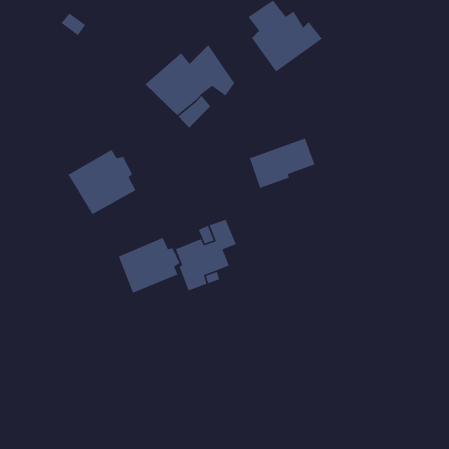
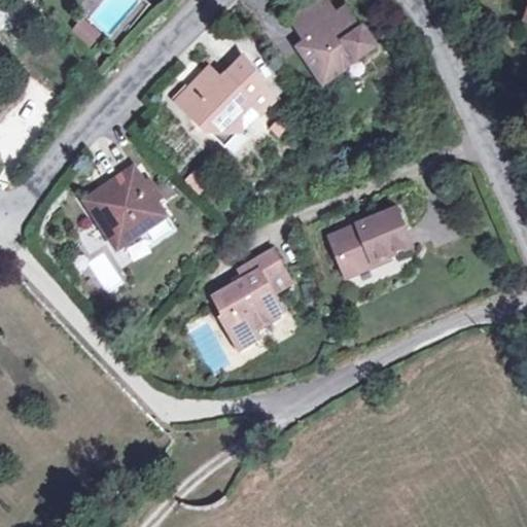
building: [249,137,315,189] -> [333,209,411,269]
building: [118,237,180,294] -> none

